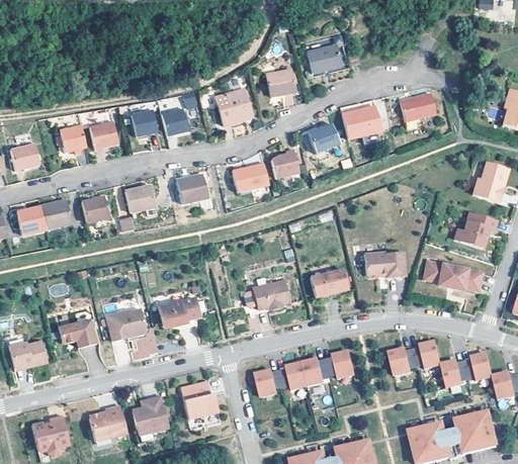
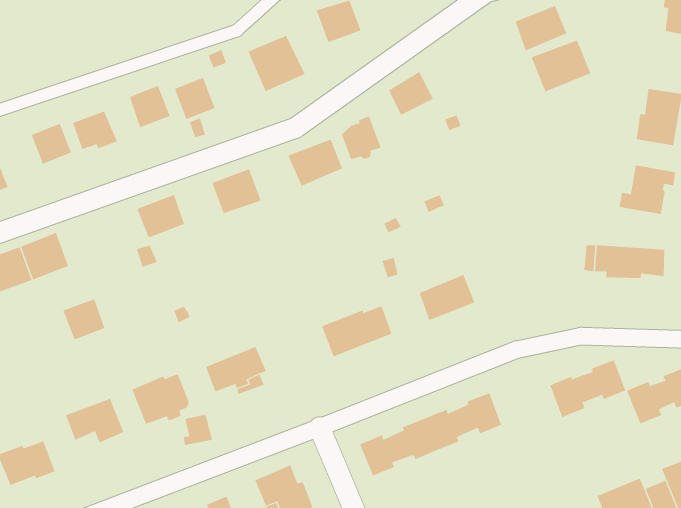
building: [343,108,382,141] -> [531,40,591,92]
building: [83,196,110,222] -> [63,298,105,340]
building: [364,251,405,276] -> none

